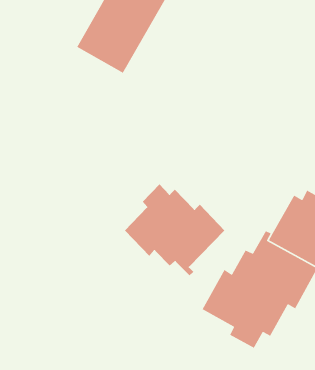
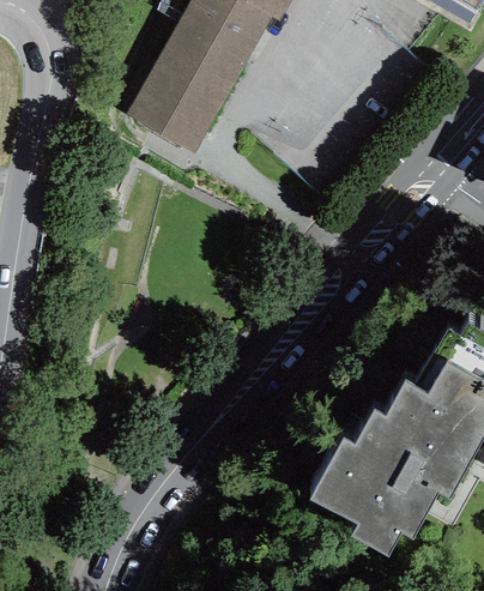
building: [124,184,225,276] -> none

